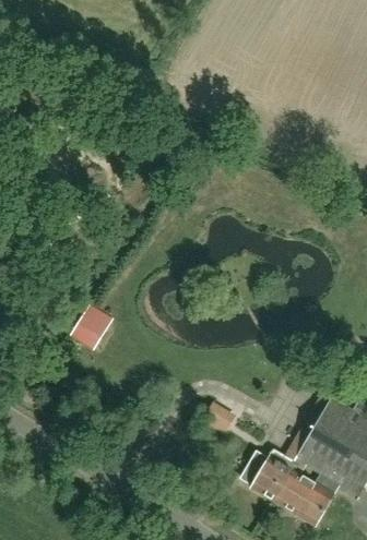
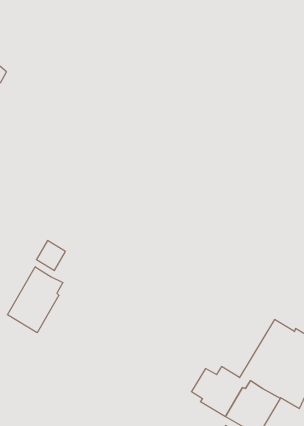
building: none -> [7,267,63,333]

